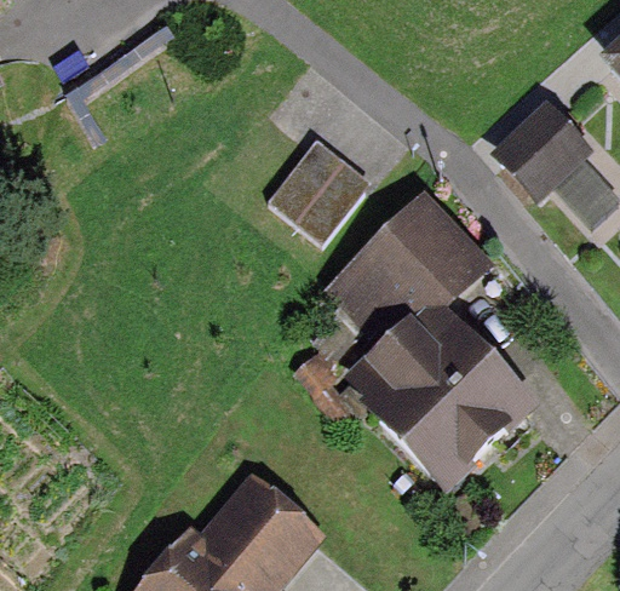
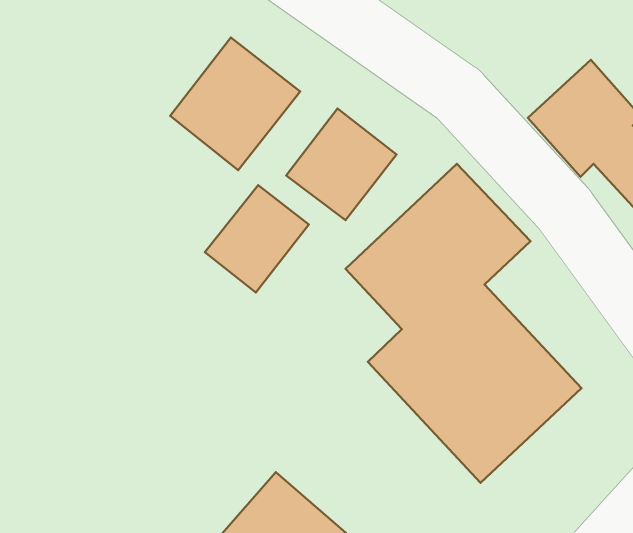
building: none -> [170,38,300,170]
building: none -> [205,185,309,293]

